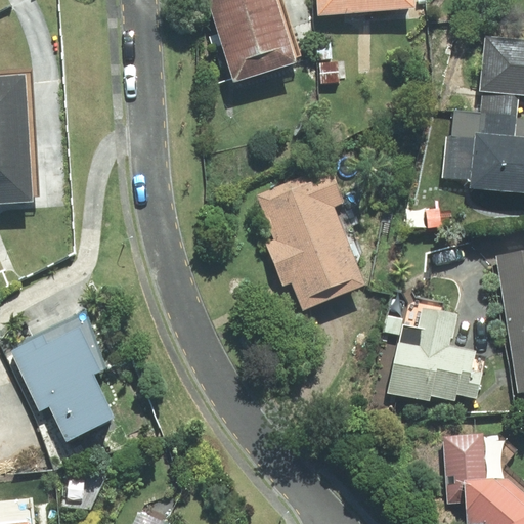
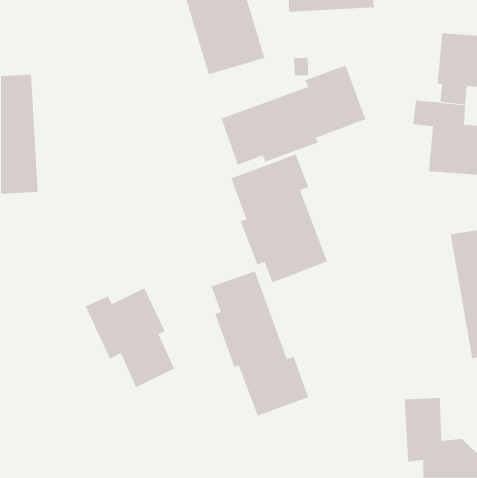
building: none -> [221,65,366,165]
building: none -> [211,270,309,417]
building: [388,308,485,401] -> none
building: [18,335,117,444] -> [85,287,175,388]

